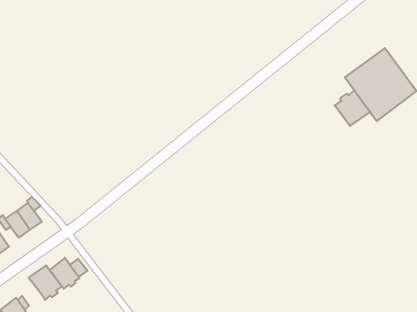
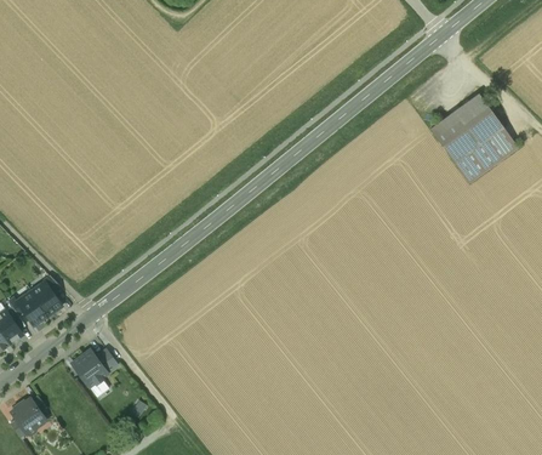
building: [335,90,370,126] -> none
building: [28,265,62,300] -> none

